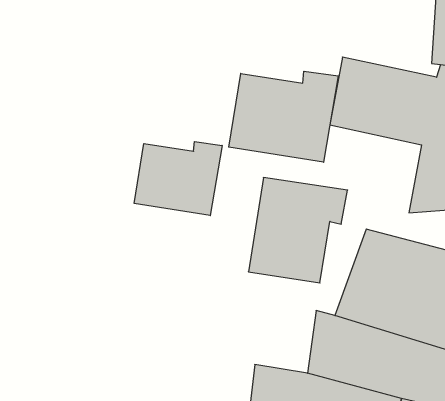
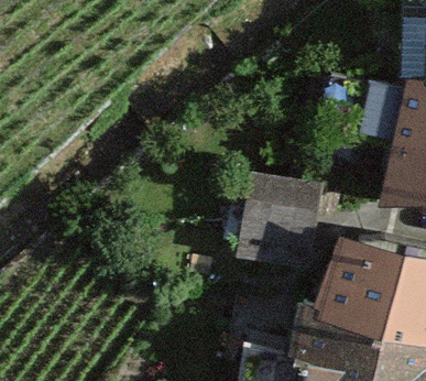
building: [229,71,338,162] -> none
building: [134,142,222,216] -> none

